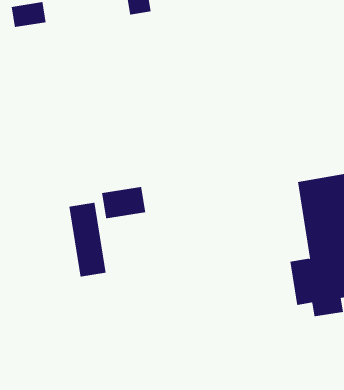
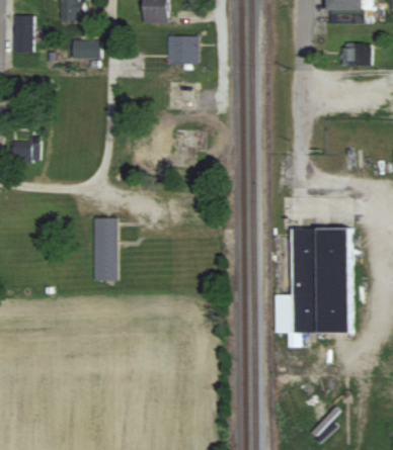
building: [102,186,146,219] -> none

